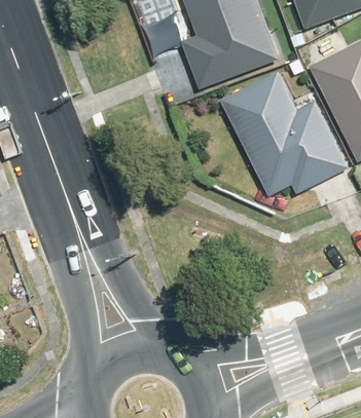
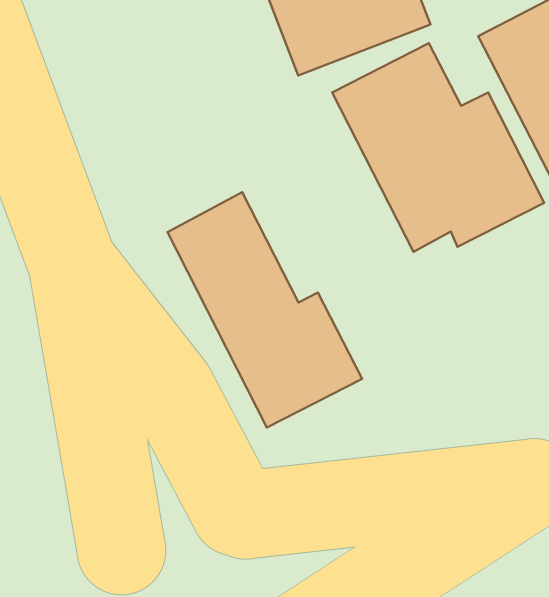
building: none -> [167,192,362,427]

